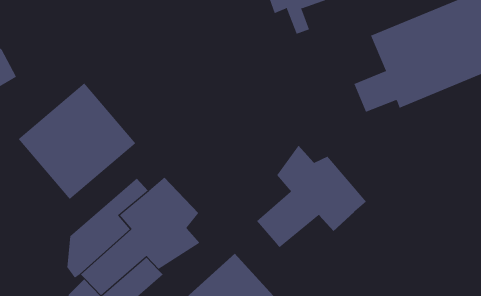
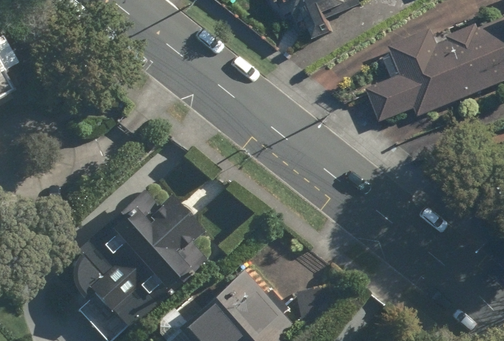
building: [18,82,136,200] -> none
building: [256,145,367,248] -> none

